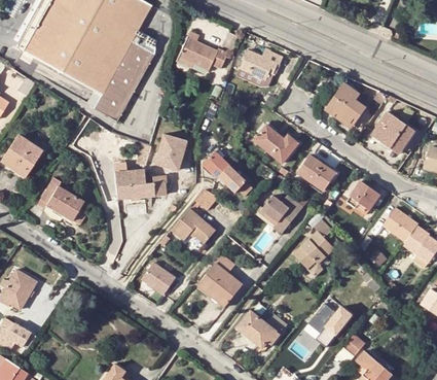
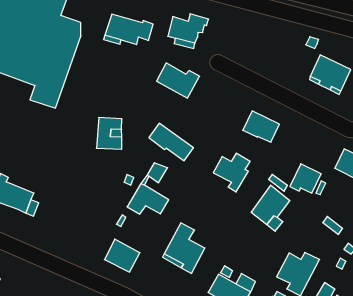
building: [326,82,366,126] -> none
building: [255,124,298,162] -> [157,63,200,98]
building: [115,169,166,199] -> none
building: [347,181,379,212] -> [290,164,321,193]

